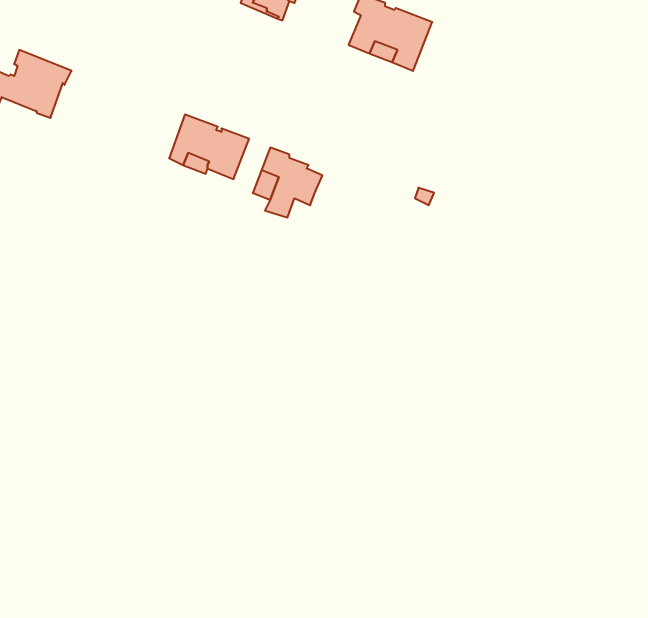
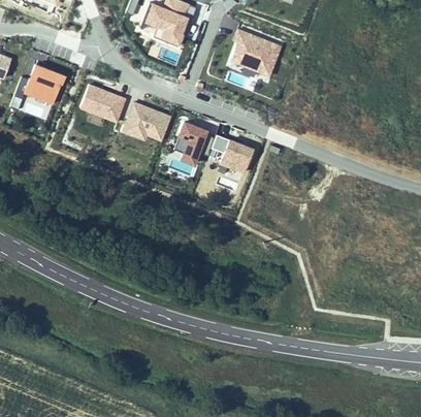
building: none -> [80,84,126,121]
building: none -> [211,133,253,171]

